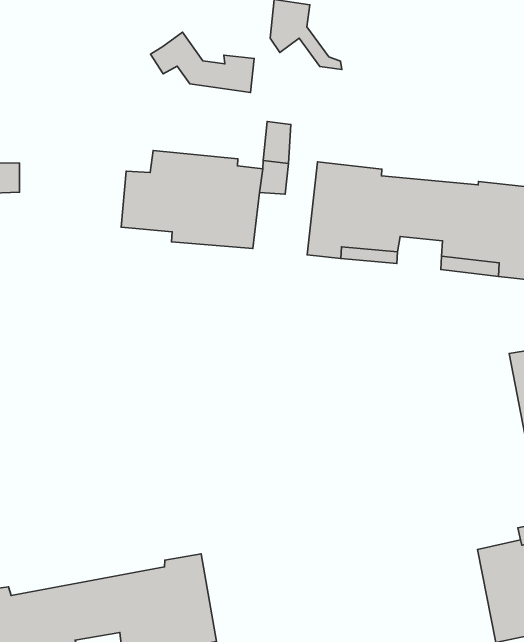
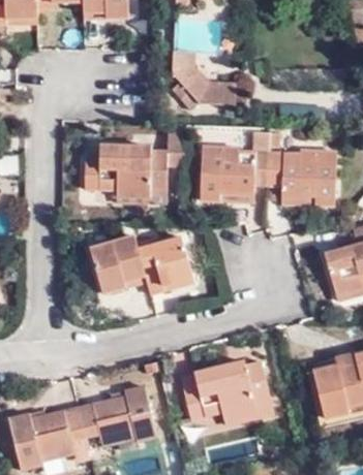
building: [151,32,254,93] -> [167,69,230,103]
building: none -> [88,233,192,295]
building: none -> [179,360,273,425]

